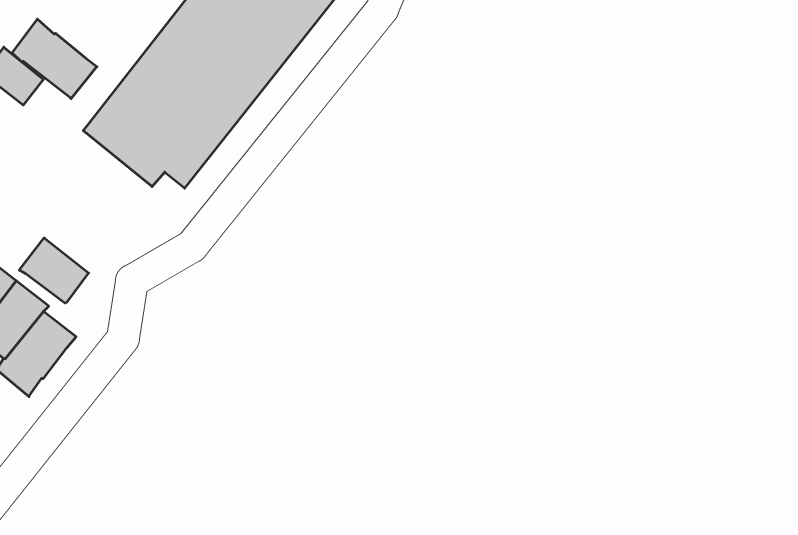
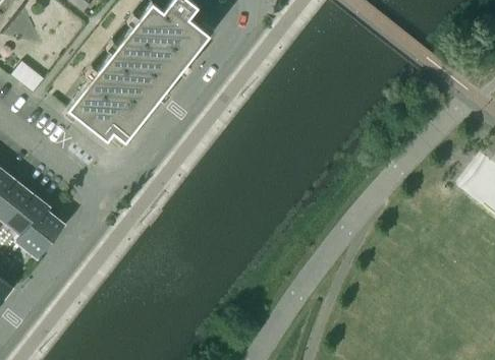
building: [12,19,97,99] -> none
building: [19,238,89,303] -> none

